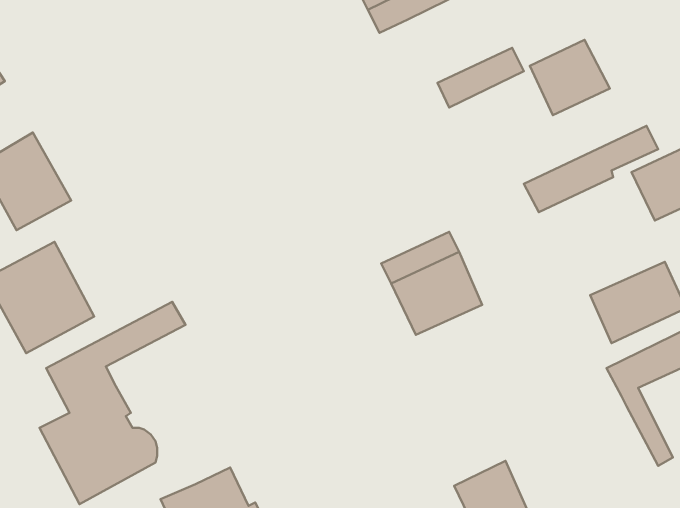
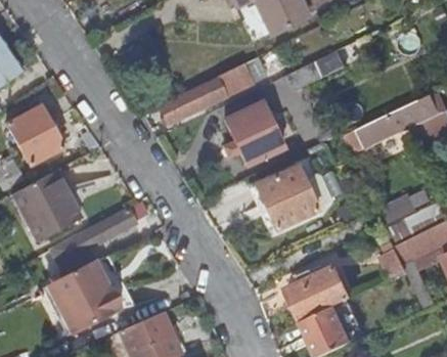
building: [530,40,610,115] -> none
building: none -> [159,62,253,123]
building: none -> [228,101,283,165]
building: none -> [286,266,350,321]

